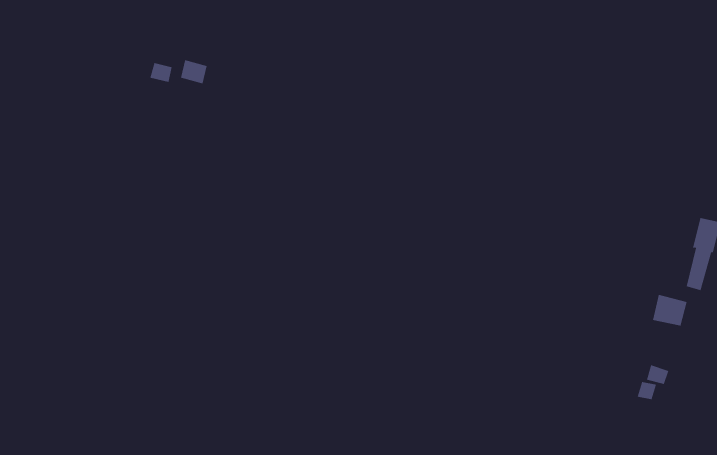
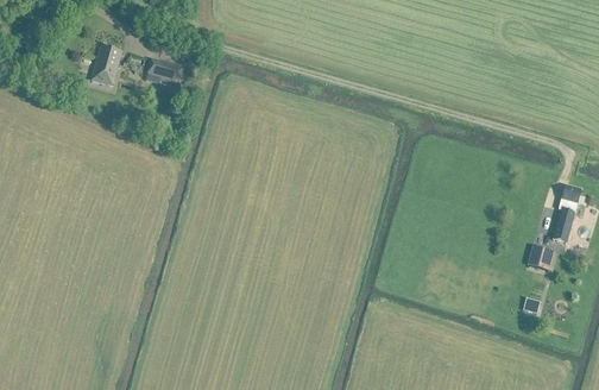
building: none -> [93,44,121,83]

